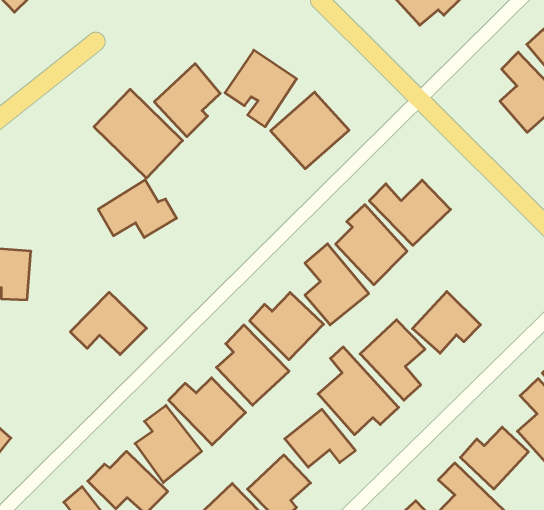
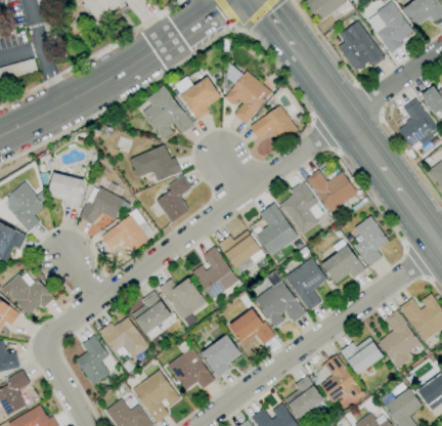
building: none -> [158,175,190,221]
building: none -> [354,216,388,266]
building: none -> [79,189,123,224]

